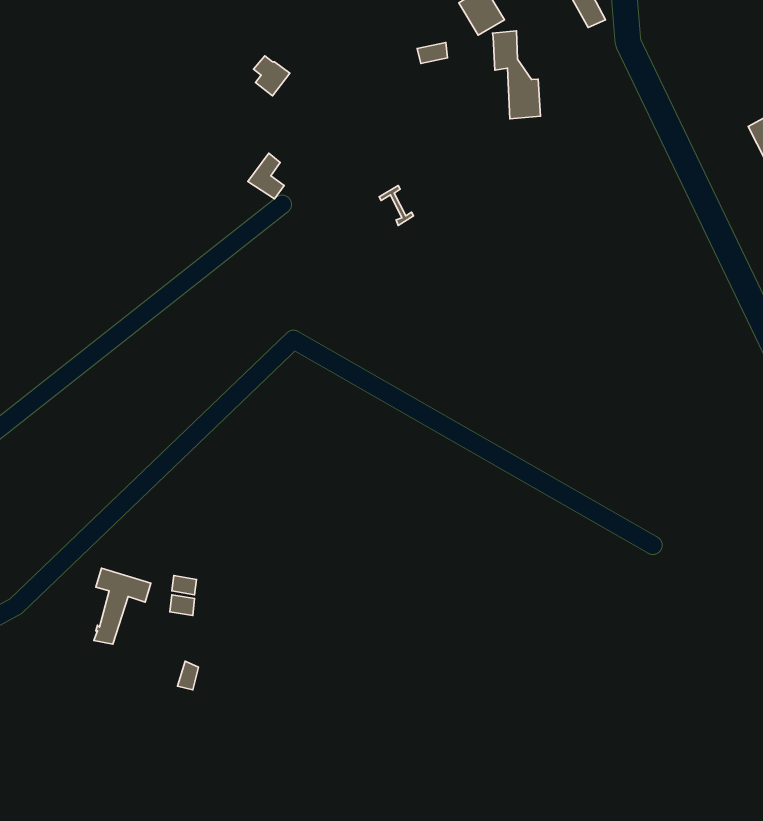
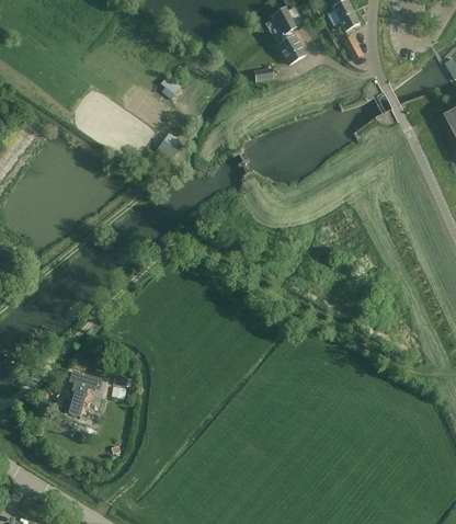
building: [493,31,540,119] -> none

